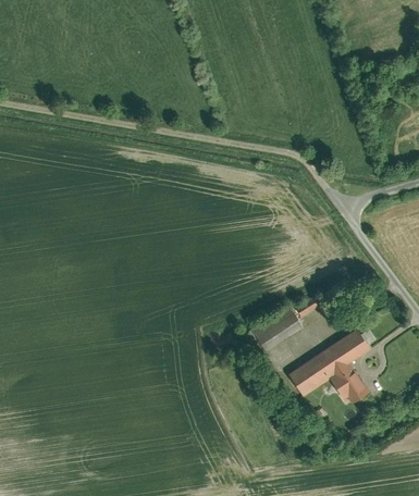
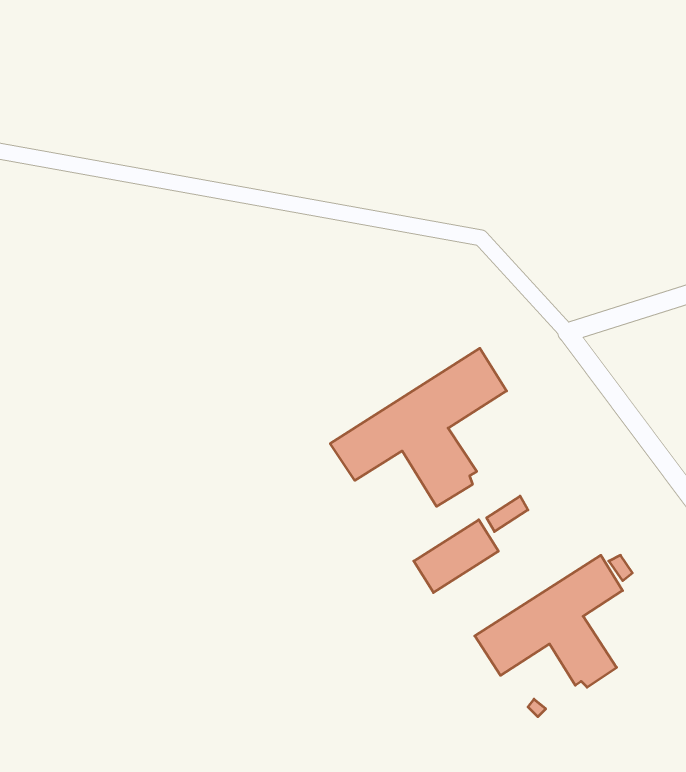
building: none -> [330,348,507,506]

